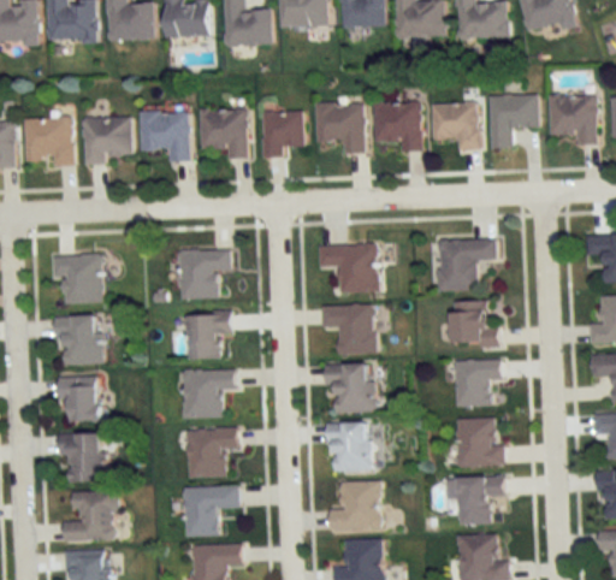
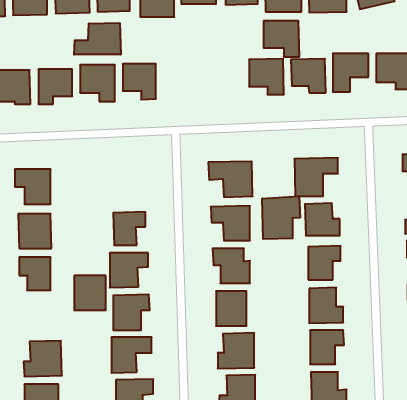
building: none -> [74,23,121,55]
building: [315,102,365,152] -> [264,21,299,57]
building: [261,111,303,156] -> none
building: [177,249,229,297] -> none
building: none -> [262,196,300,239]
building: [60,433,103,481] -> [74,276,106,310]

